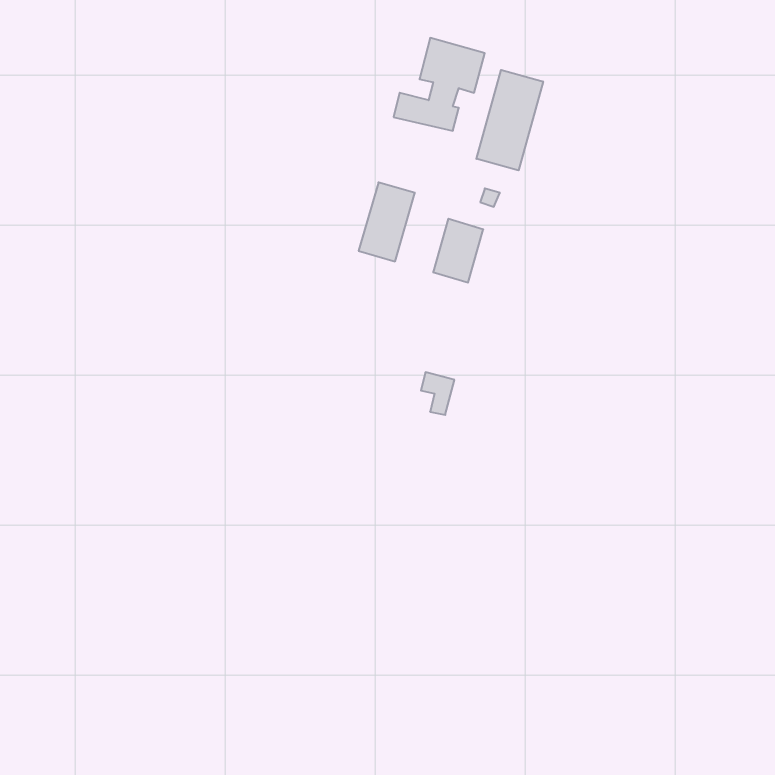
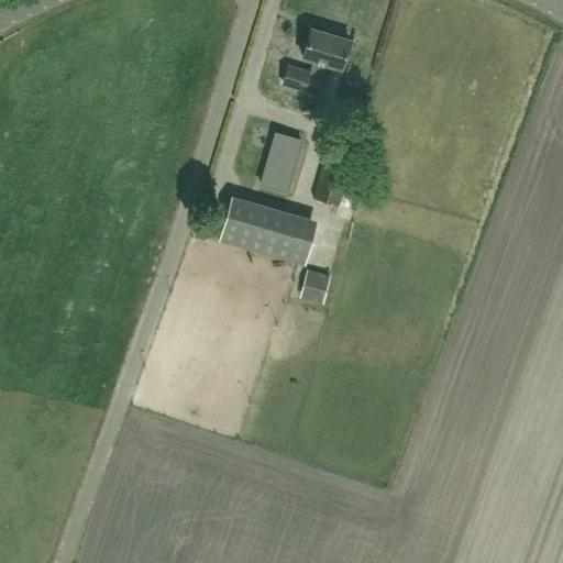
building: [476,70,543,170] -> none
building: none -> [219,205,316,264]

